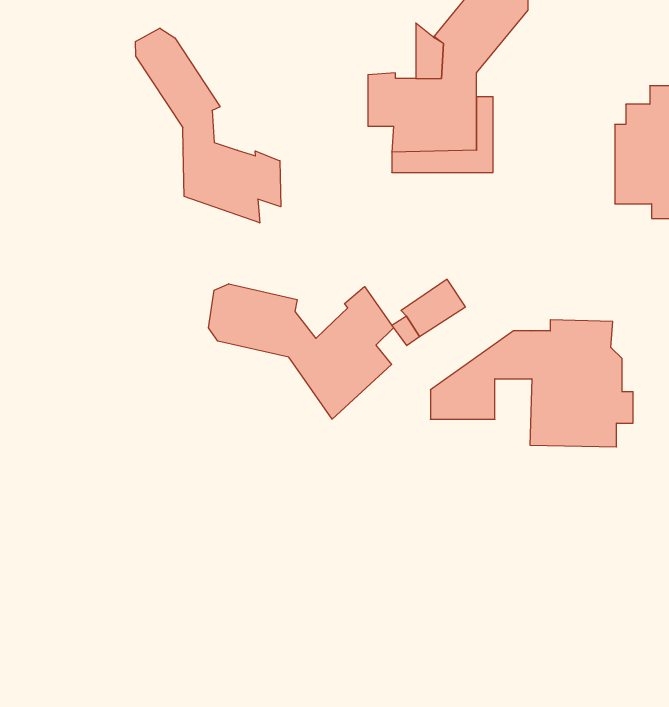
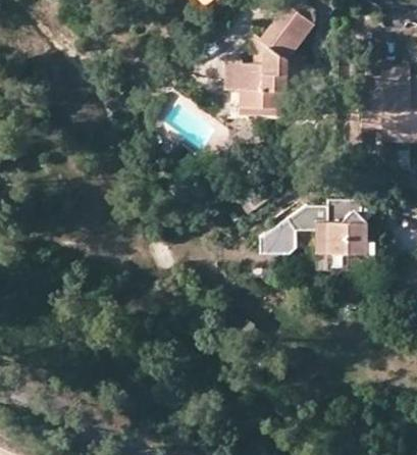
building: [136,28,281,223] -> none
building: [209,284,394,419] -> none

